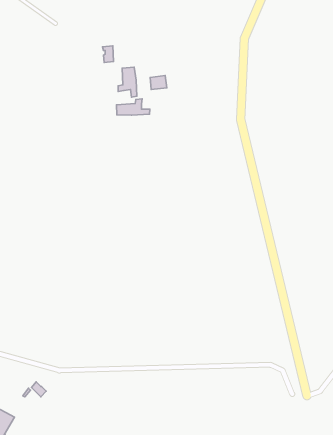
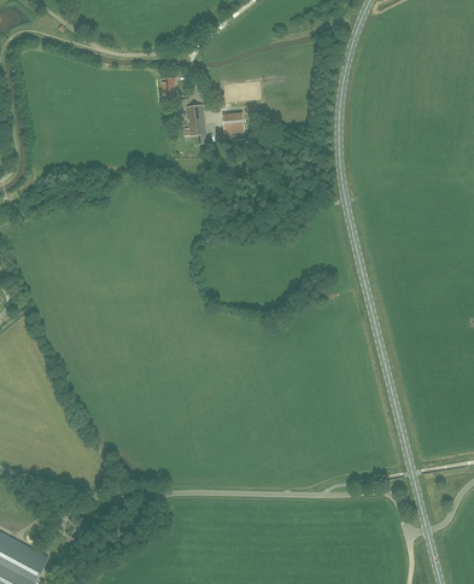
building: [117,99,150,115] -> none

